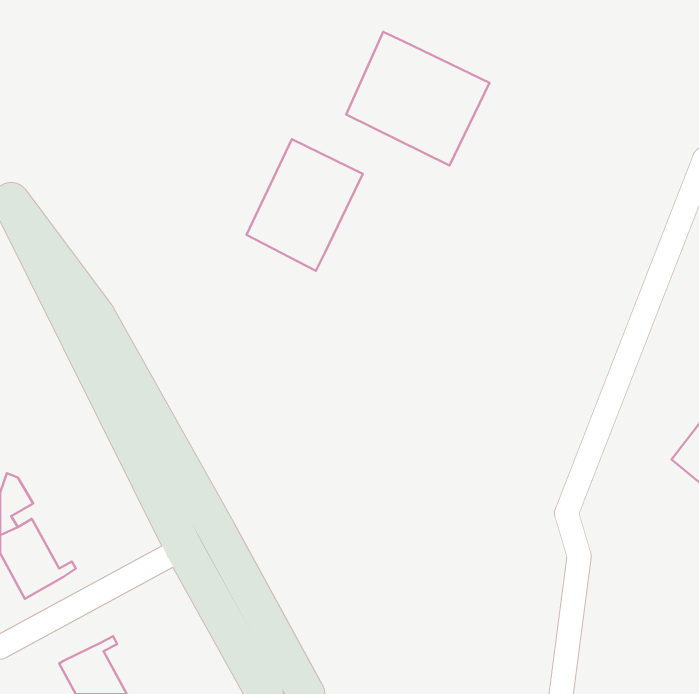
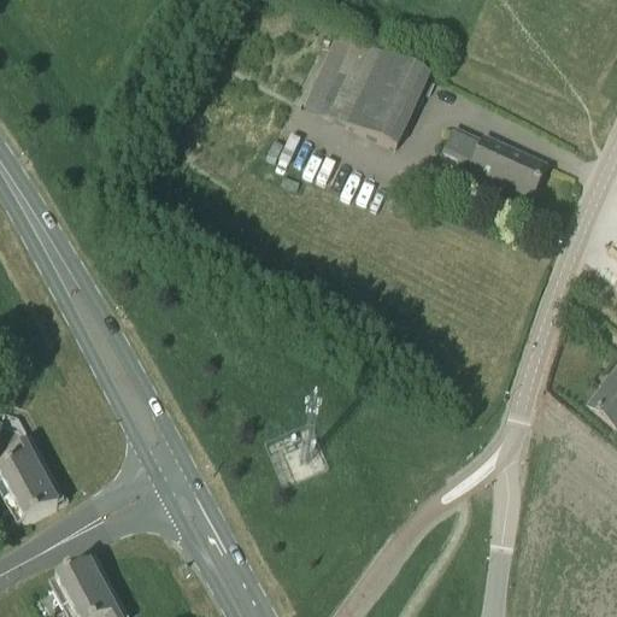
building: [246,139,363,271] -> none
building: none -> [445,124,548,195]

